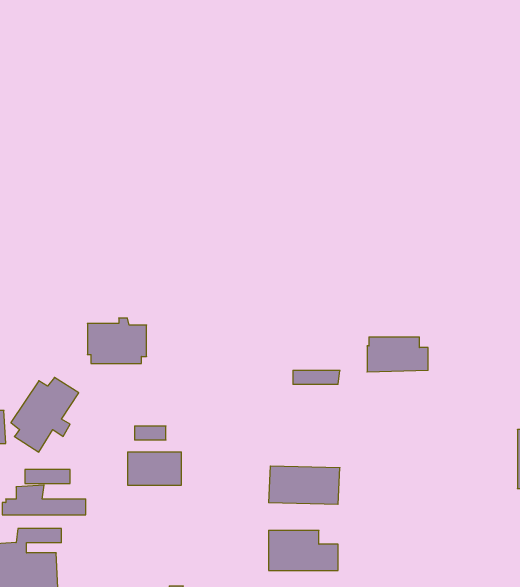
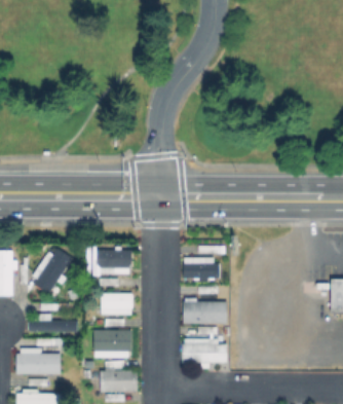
building: [87,318,147,363] -> [97,246,131,272]
building: [367,337,428,372] -> [183,257,219,278]
building: none -> [89,332,131,357]

